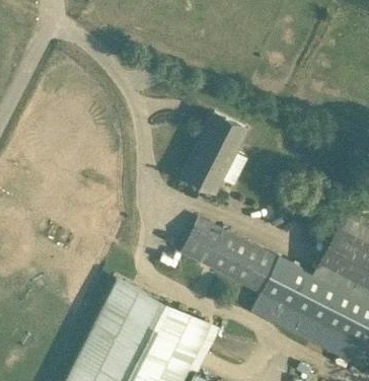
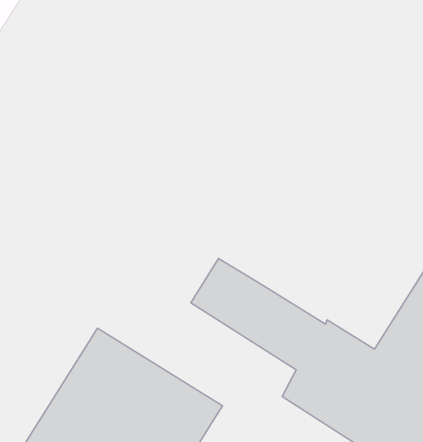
building: [183,113,247,193] -> none

